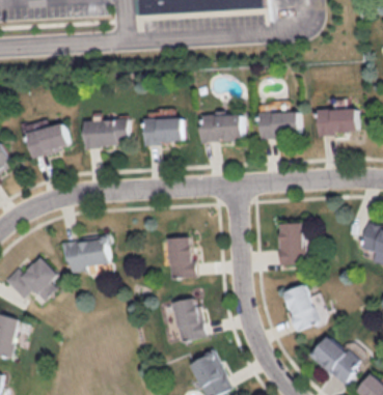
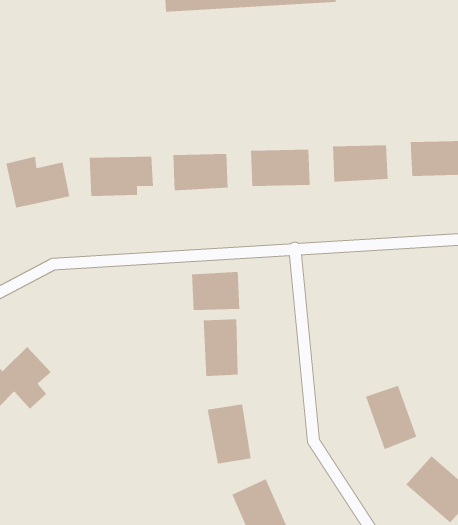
building: none -> [192,271,240,311]
building: [277,222,304,267] -> none
building: [62,234,110,273] -> none

